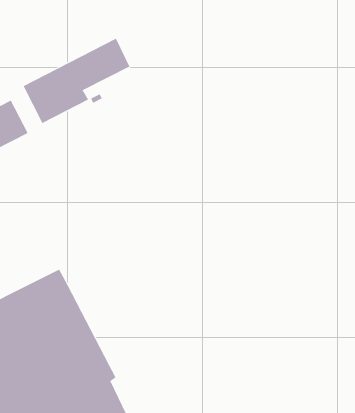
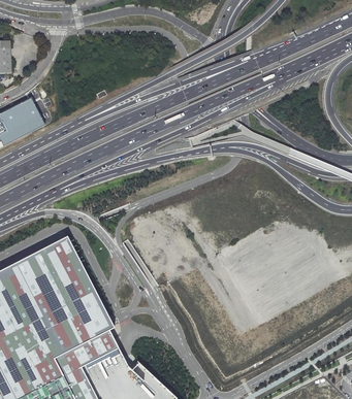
building: [23,38,130,124] -> none

